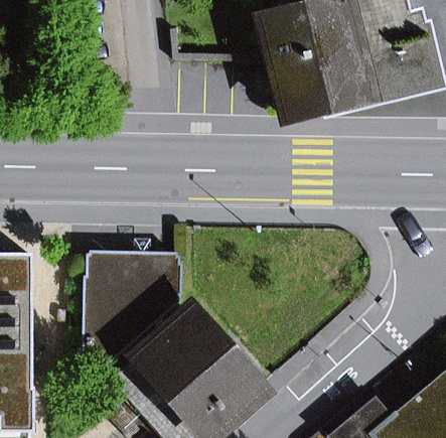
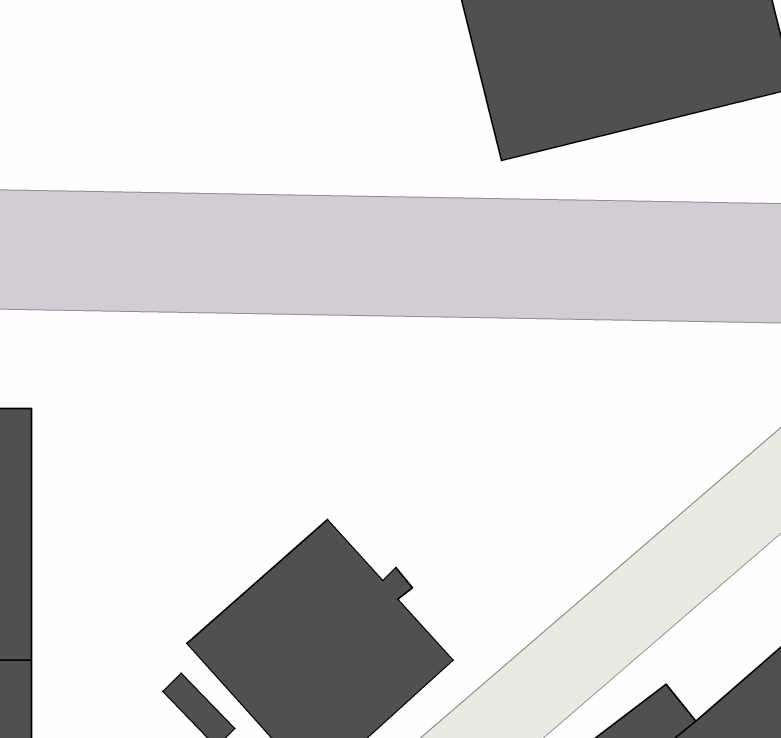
building: [84,255,178,371] -> none

